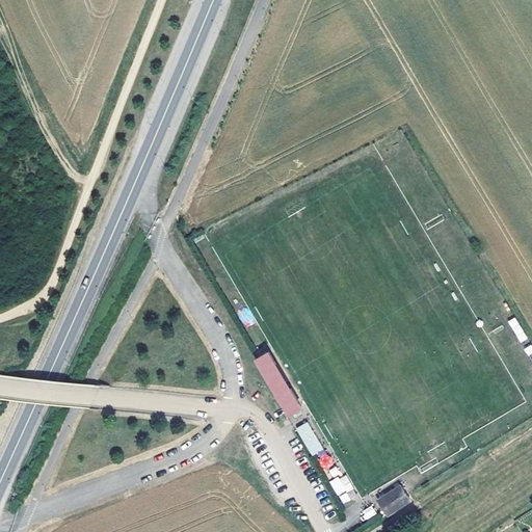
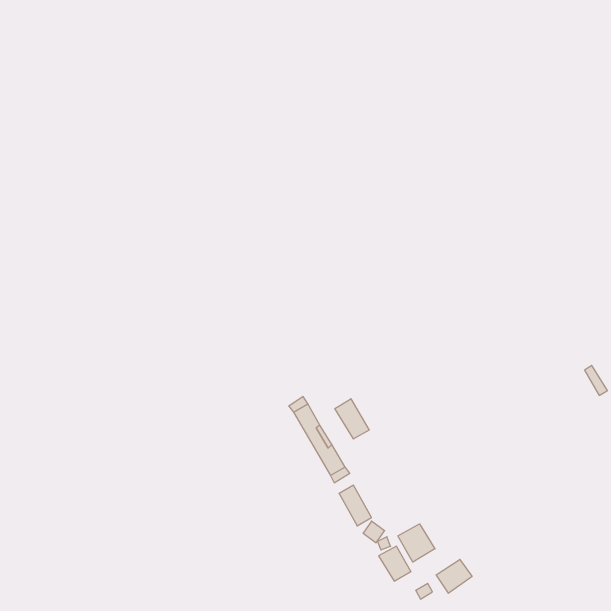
building: none -> [335,399,369,439]
building: none -> [398,524,435,562]

